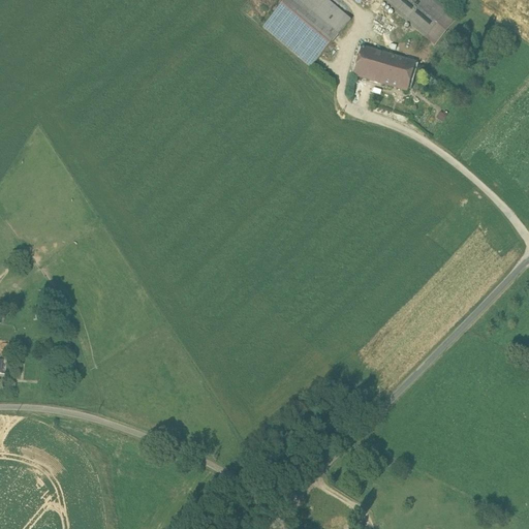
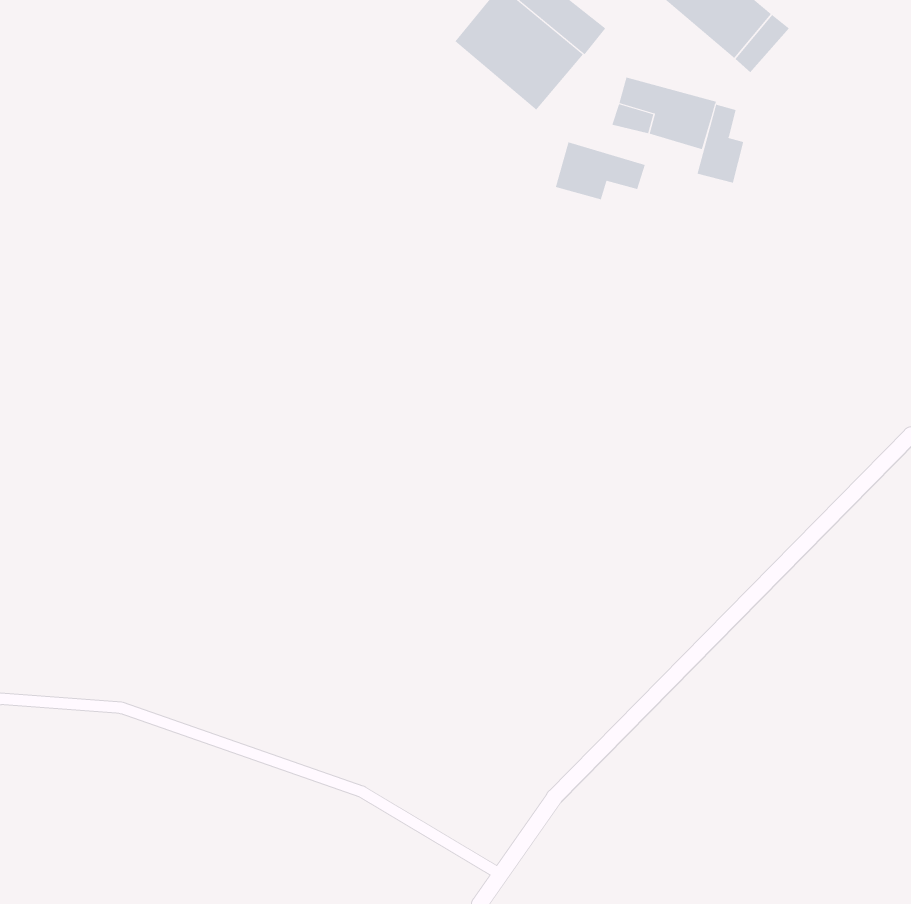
building: none -> [697,104,744,183]
building: none -> [555,141,645,200]

